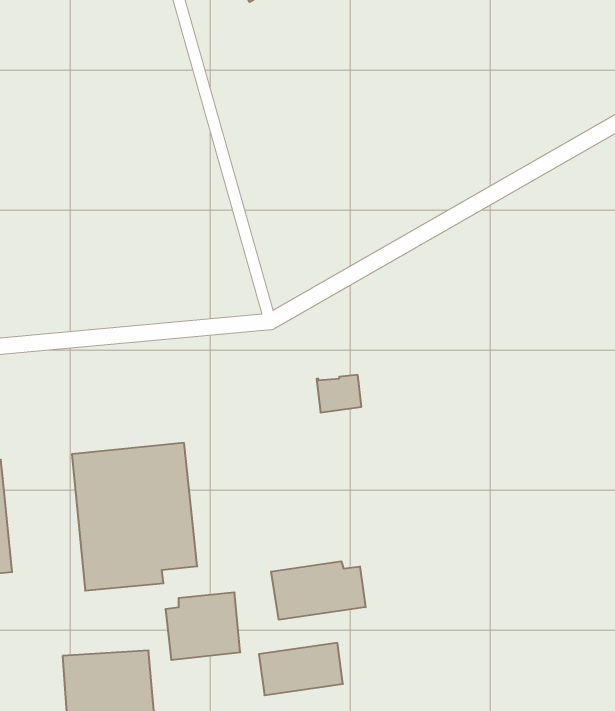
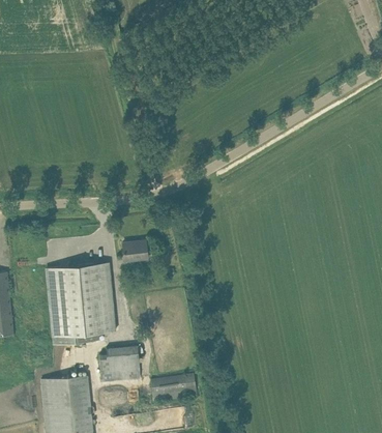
building: [317,375,361,412] -> [122,240,147,261]
building: [271,561,366,620] -> none

